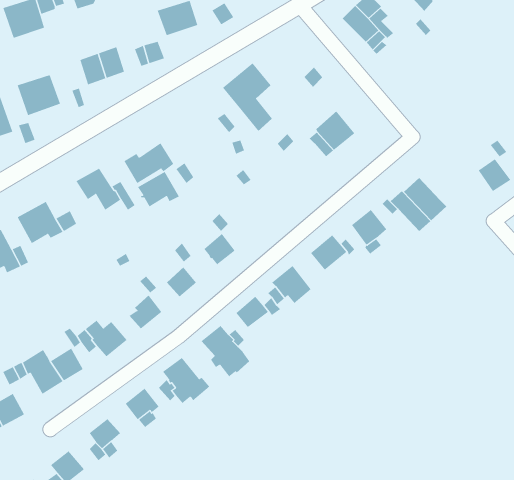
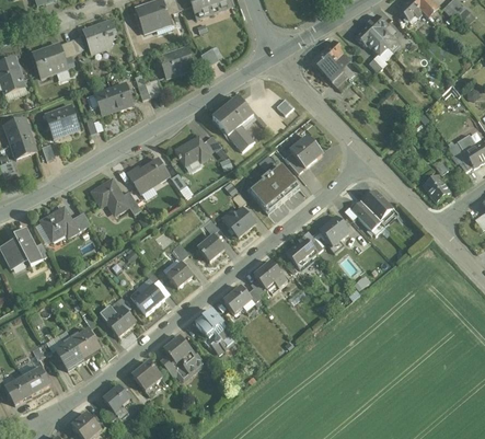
building: none -> [249,165,298,211]
building: [137,171,180,207] -> [175,136,210,165]
building: none -> [222,208,254,236]

